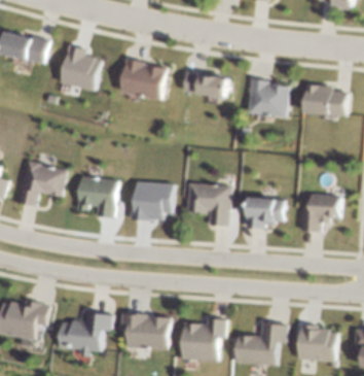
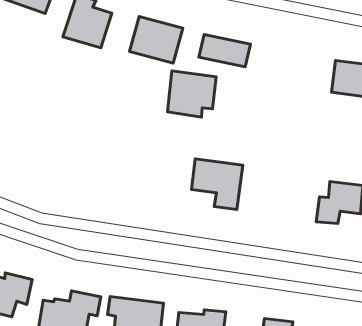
building: [248,80,288,116] -> none
building: [17,162,65,206] -> none
building: [77,177,116,217] -> none
building: [132,181,173,220] -> [167,71,216,117]
building: [246,197,284,228] -> none

